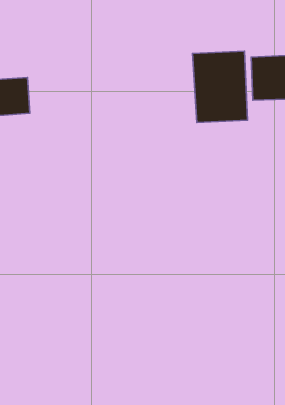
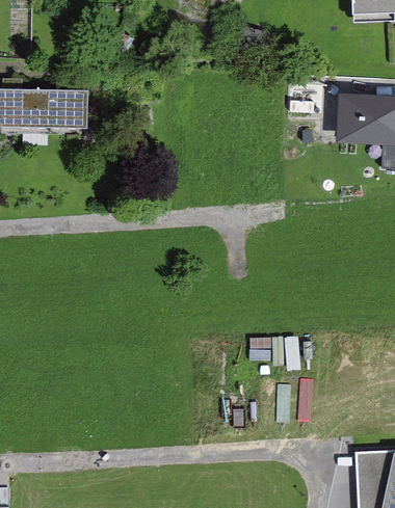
building: [193,51,248,122] -> none

